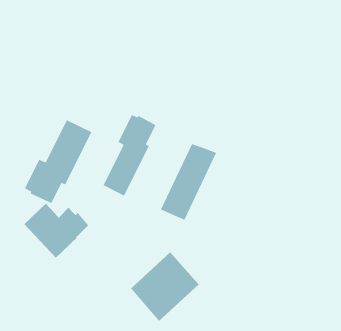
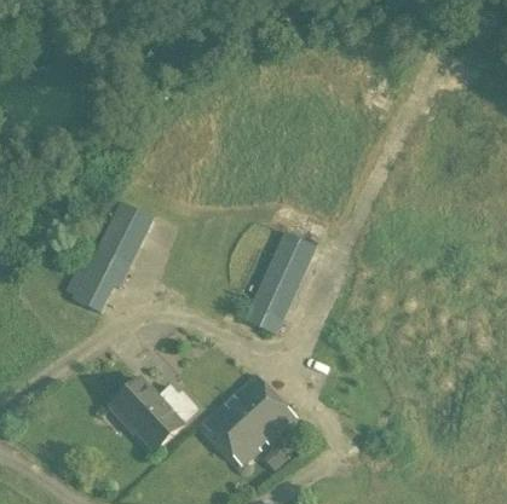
building: [102,114,156,197] -> none
building: [24,203,89,258] -> [110,380,196,452]

